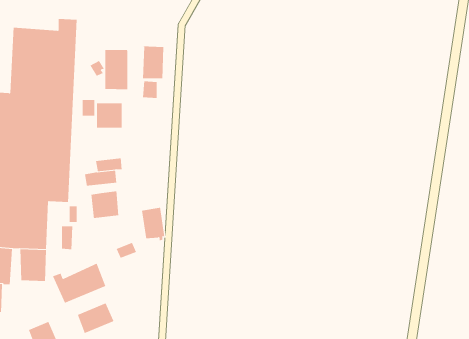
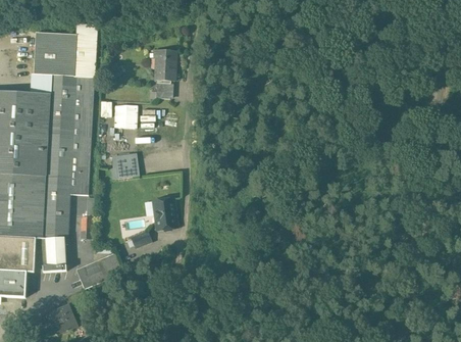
building: [105,49,130,90] -> none
building: [91,191,119,219] -> none
building: [77,302,115,334] -> none

